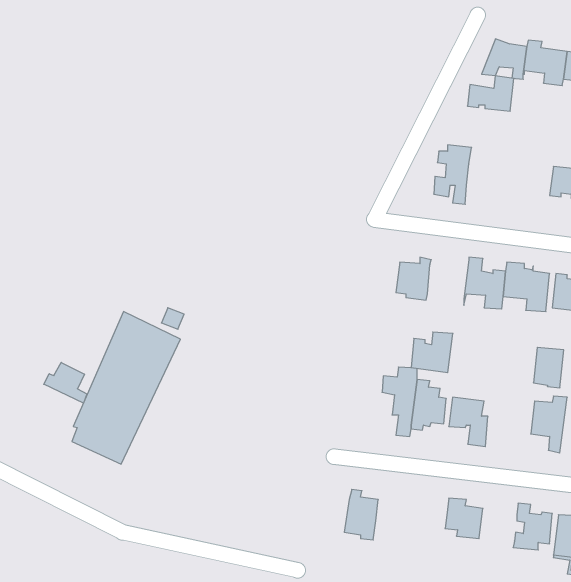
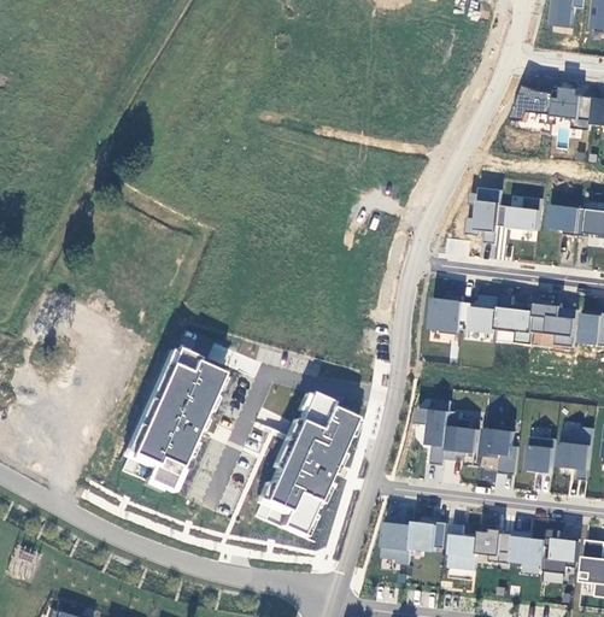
building: [467,76,514,111] -> [498,196,543,230]
building: none -> [549,205,581,236]
building: [411,332,453,373] -> [461,295,500,334]
building: [533,347,564,388] -> [527,436,556,475]
building: none -> [254,392,358,537]
building: [44,362,87,403] -> none
building: none -> [411,521,447,551]
building: none -> [448,524,480,570]
building: none -> [510,530,546,565]

